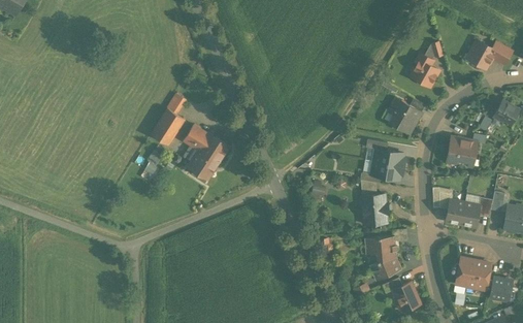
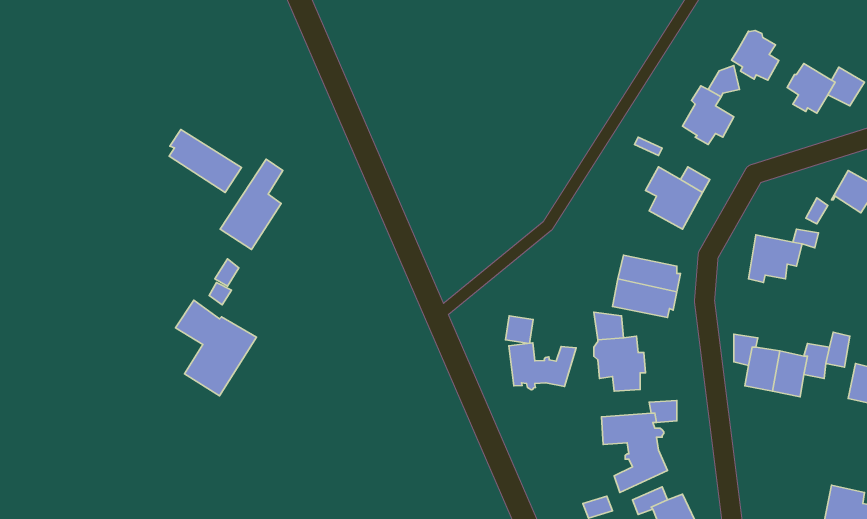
building: none -> [731,31,779,80]
building: none -> [169,130,241,192]
building: [183,125,228,179] -> [175,300,256,396]
building: none -> [509,343,576,390]
building: [453,257,490,290] -> none

